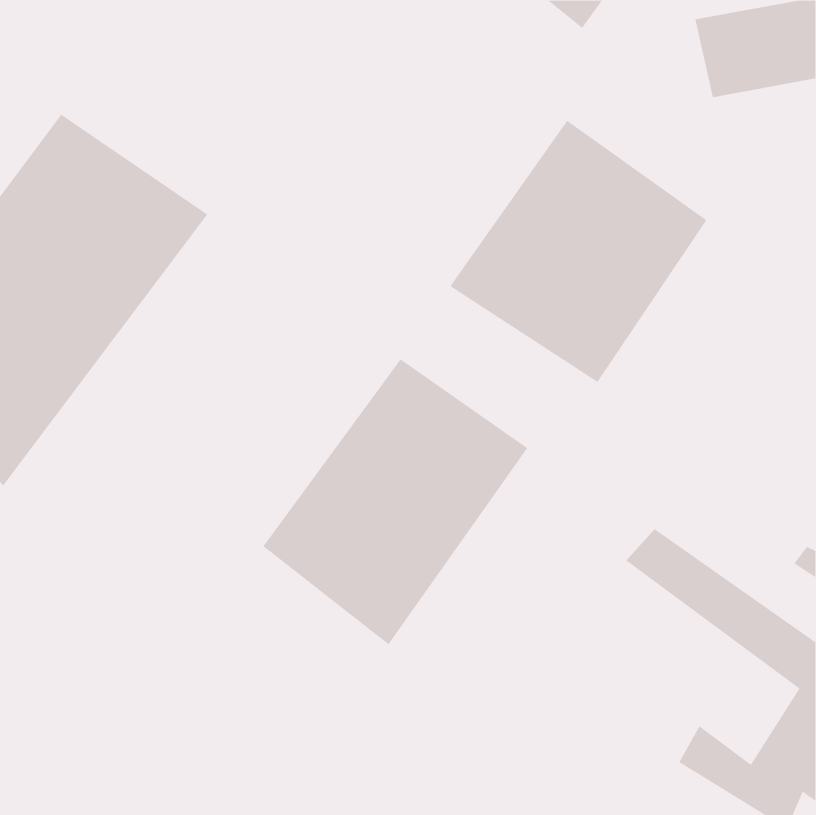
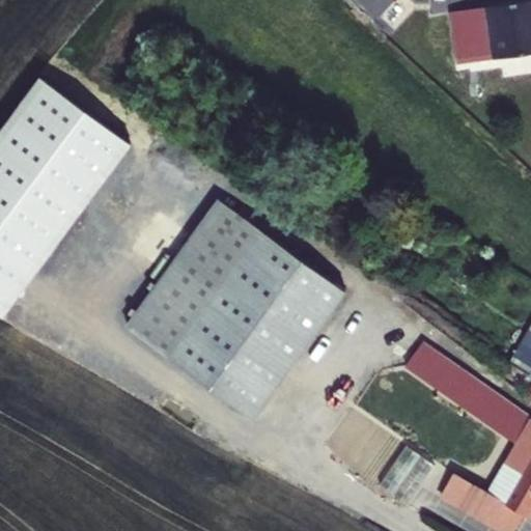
building: [450,120,707,383] -> none
building: none -> [128,202,259,356]

